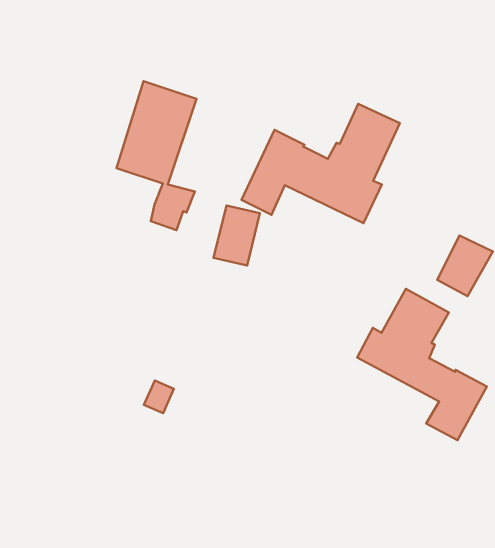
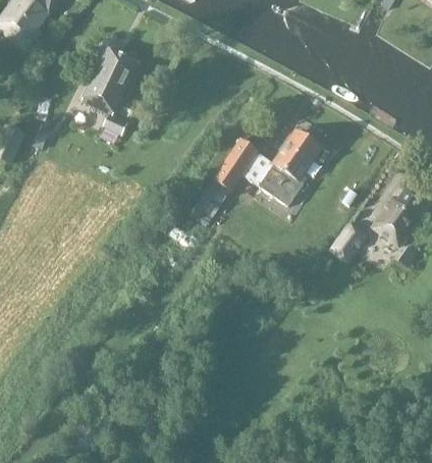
building: [117,81,197,230] -> [82,45,139,142]
building: [357,289,487,440] -> none

